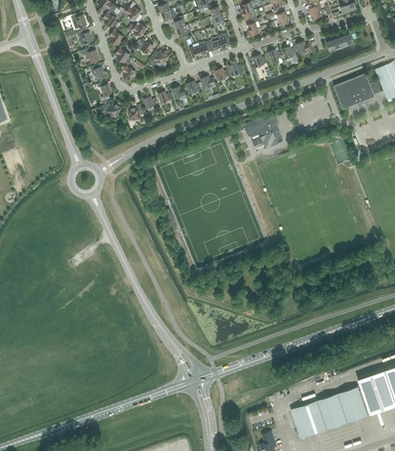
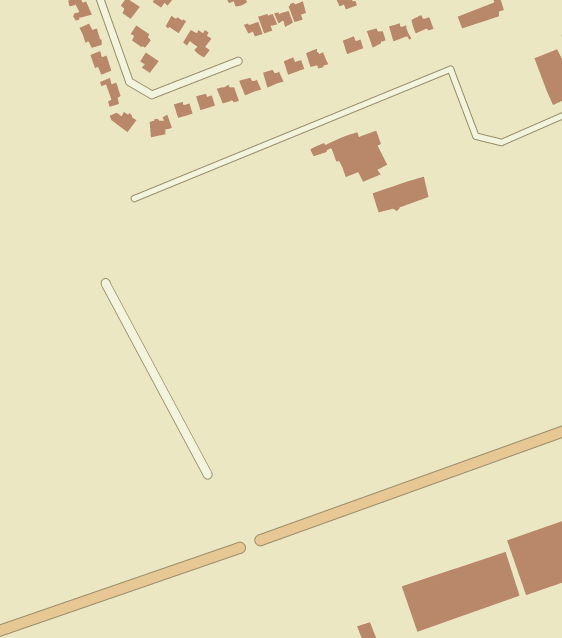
building: [333,73,381,108] -> none
building: none -> [372,176,429,213]

